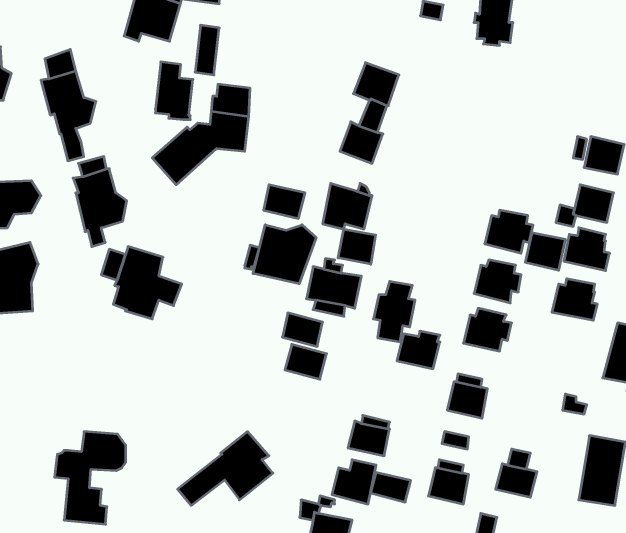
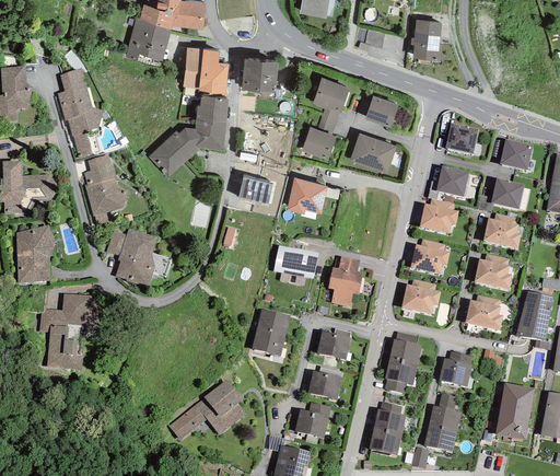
building: none -> [242,58,278,93]
building: [155,62,193,120] -> [198,49,229,96]
building: none -> [364,95,398,128]
building: none -> [445,121,478,152]
building: none -> [350,132,396,173]
building: [253,225,316,284] -> none
building: [338,229,376,264] -> none
building: [525,233,565,270] -> [435,165,468,196]
building: [282,313,323,346] -> [252,328,284,356]
building: none -> [465,294,502,329]
building: [397,331,440,369] -> [316,328,351,359]
building: none -> [438,351,471,386]
building: none -> [384,361,417,385]
building: [55,432,126,524] -> [39,293,97,369]
building: [370,473,411,502] -> [369,431,401,455]
building: none -> [423,426,456,452]

